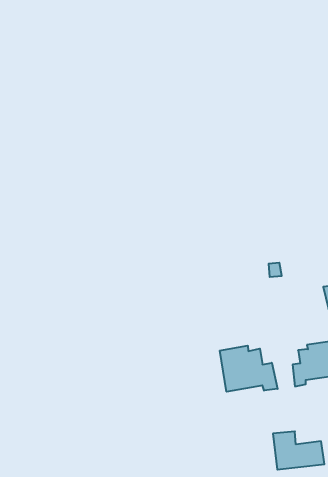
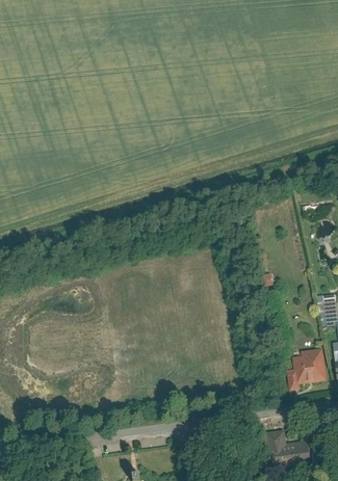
building: [220,346,278,392] -> none

